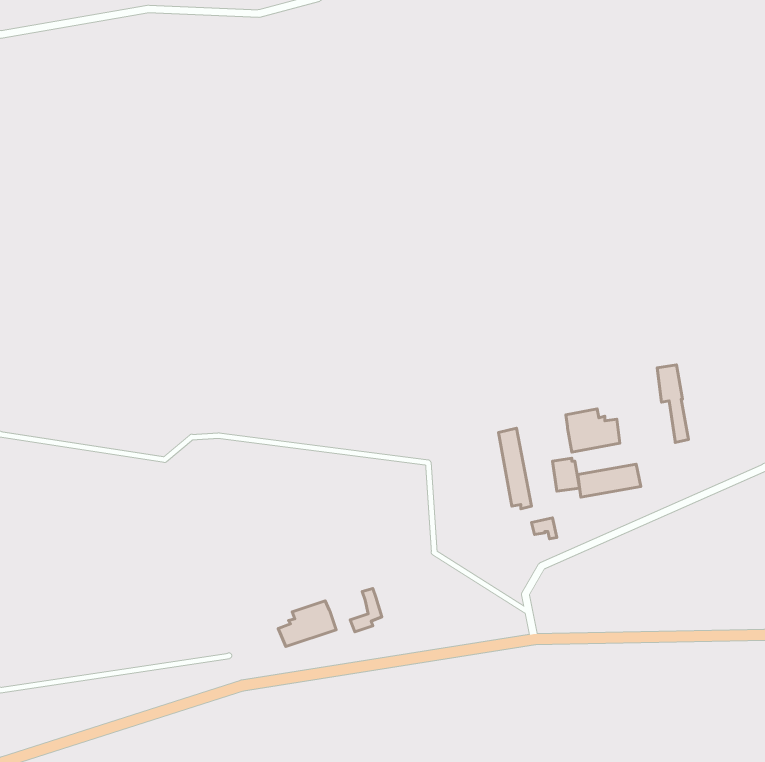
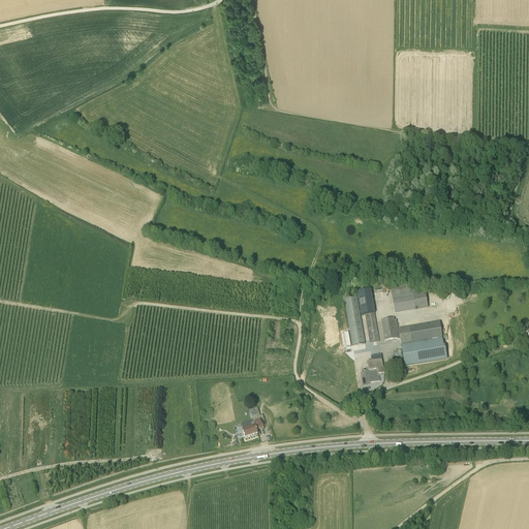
building: [657,365,689,443] -> [357,288,379,342]
building: none -> [401,337,446,365]
building: [278,601,336,647] -> none

